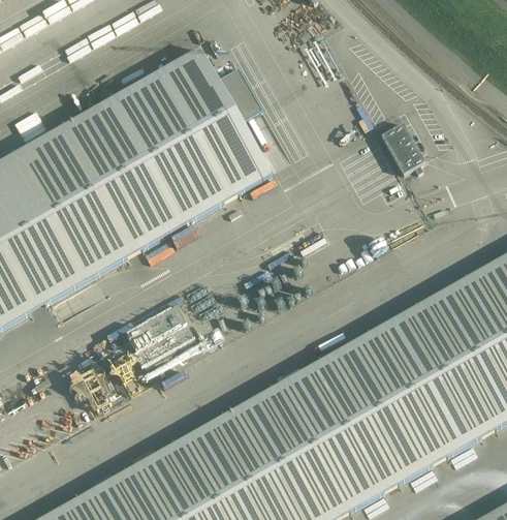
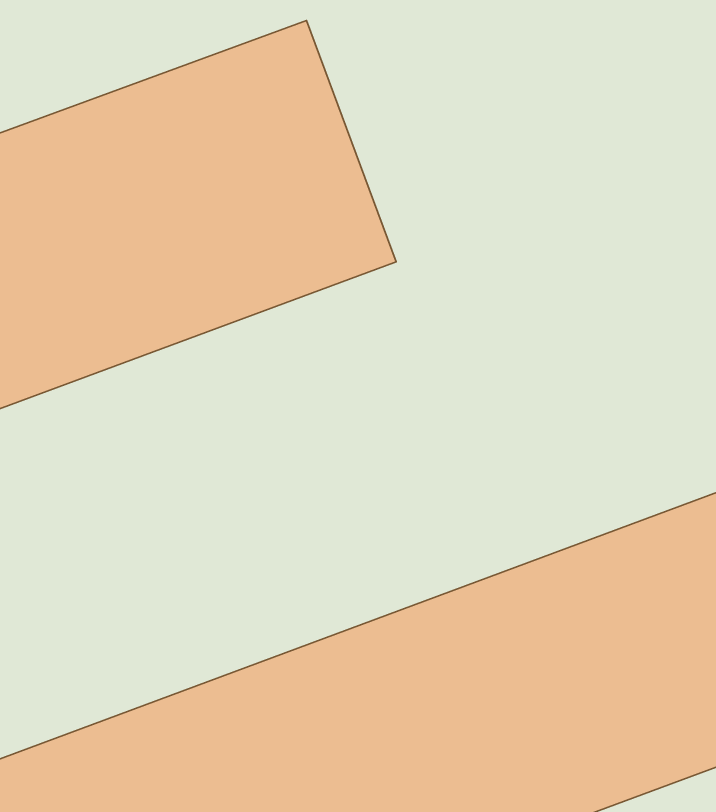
building: [381,122,424,174] -> none

